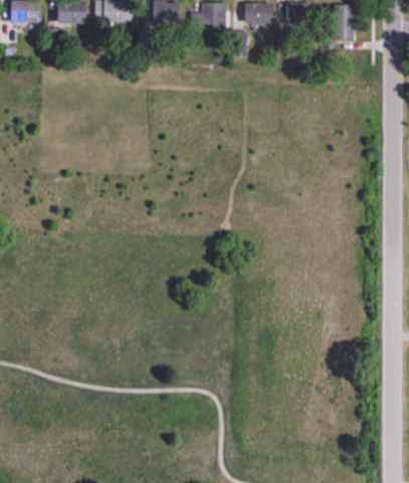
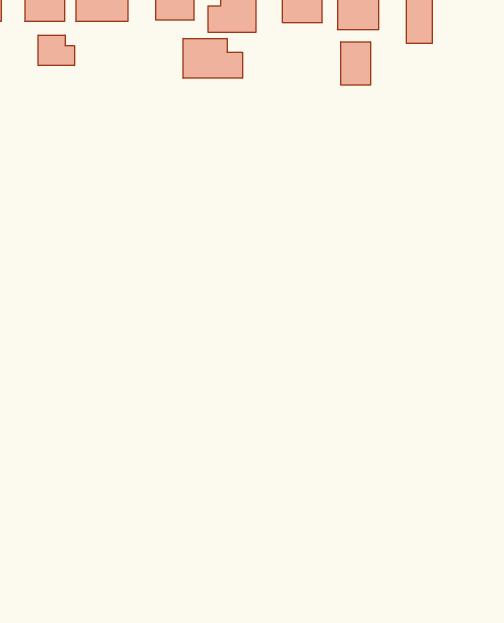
building: none -> [38,35,74,66]
building: none -> [183,38,242,78]
building: none -> [341,42,370,85]

